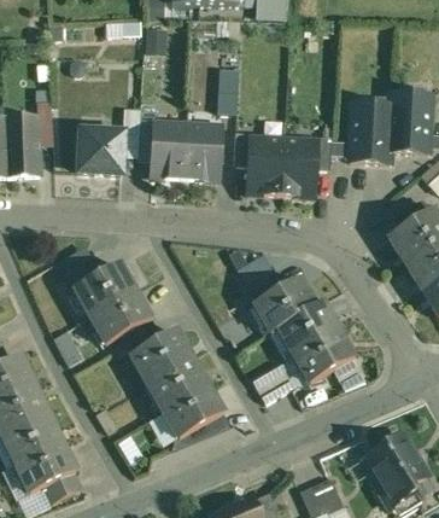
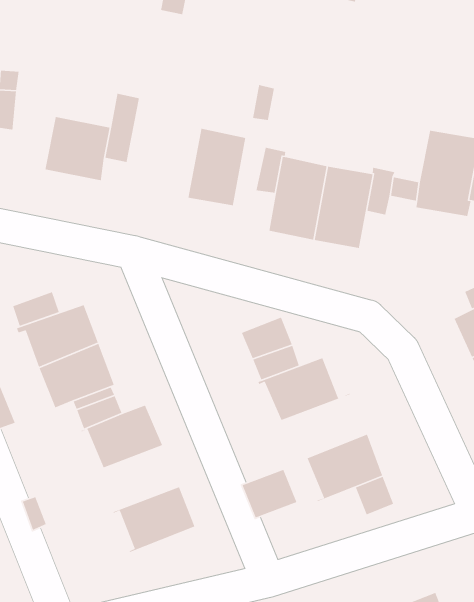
building: [151,123,187,176] -> none
building: [269,302,338,354] -> none
building: [146,357,207,411] -> none

